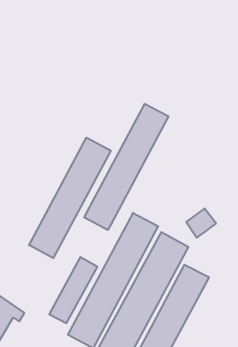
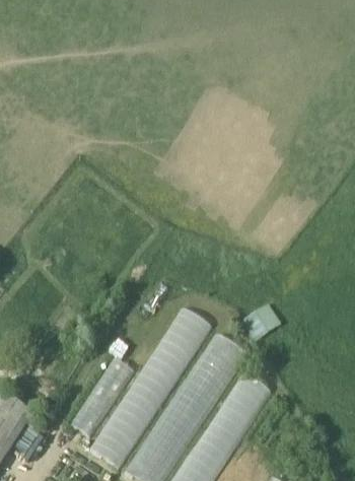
building: [84,104,168,230] -> none
building: [29,138,111,258] -> none

